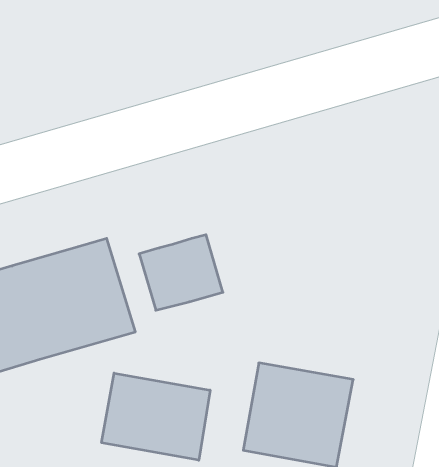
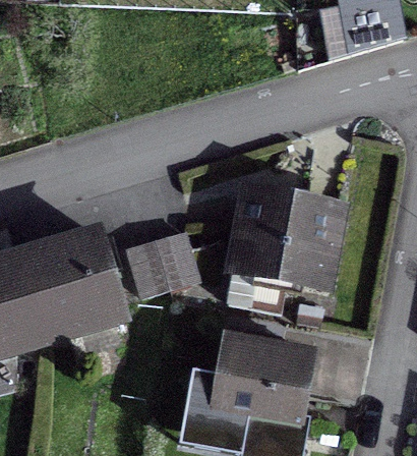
building: none -> [228,190,339,312]
building: [102,373,210,460] -> none

